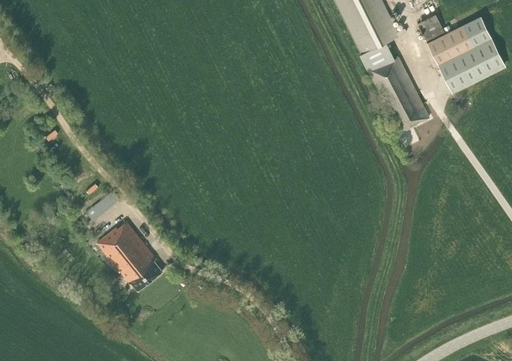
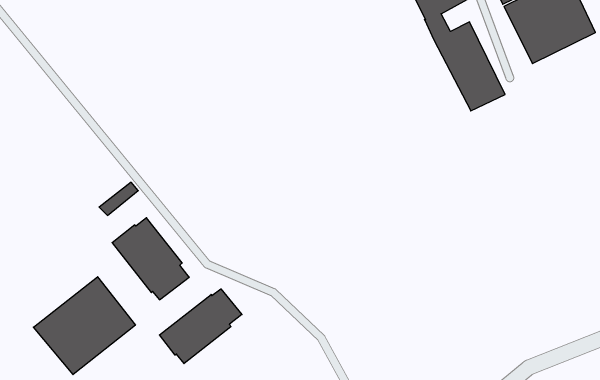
building: none -> [33,277,135,375]
building: none -> [159,289,242,364]

